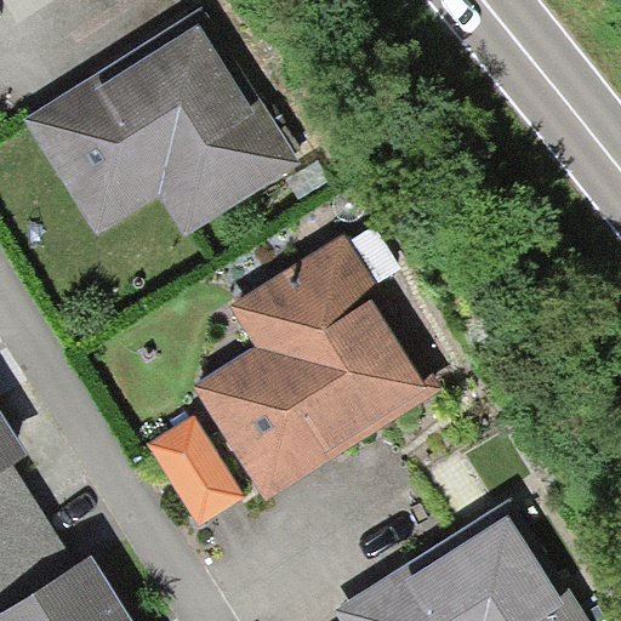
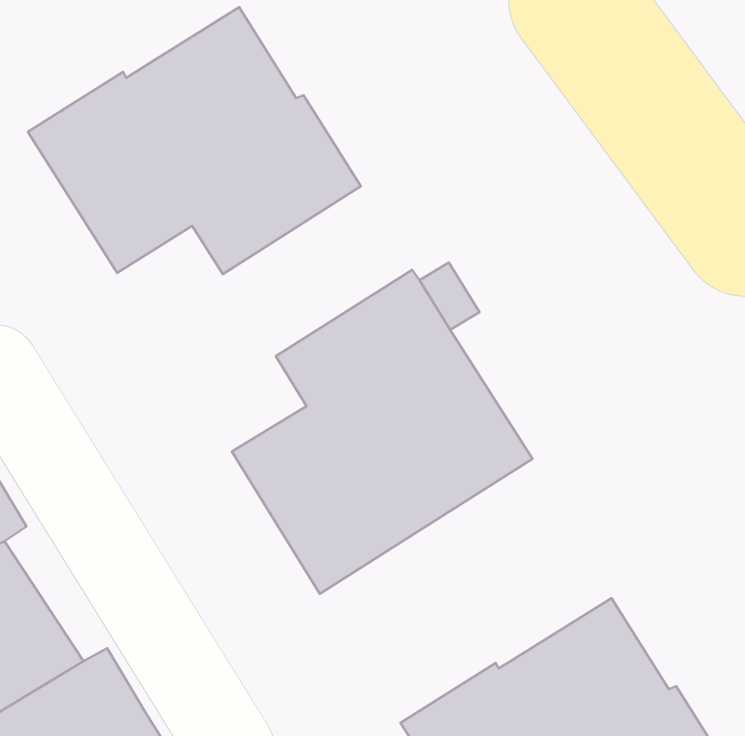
building: [144,417,243,528] -> none

